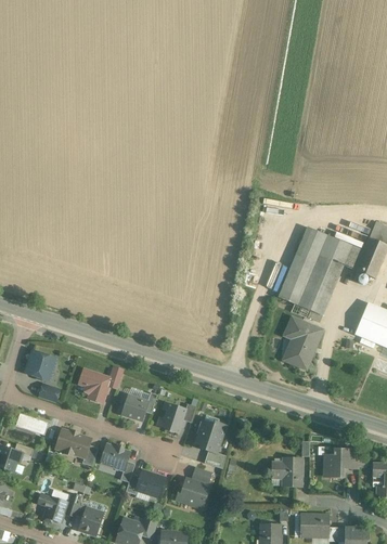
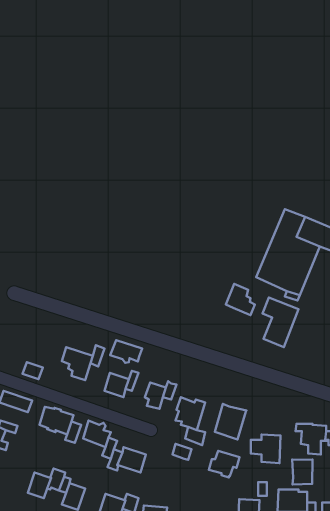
building: none -> [226,284,255,315]
building: [25,350,54,379] -> none
building: none -> [110,340,142,363]
building: none -> [215,404,247,440]
building: [176,479,207,506] -> [209,451,240,477]
building: none -> [292,459,312,484]

